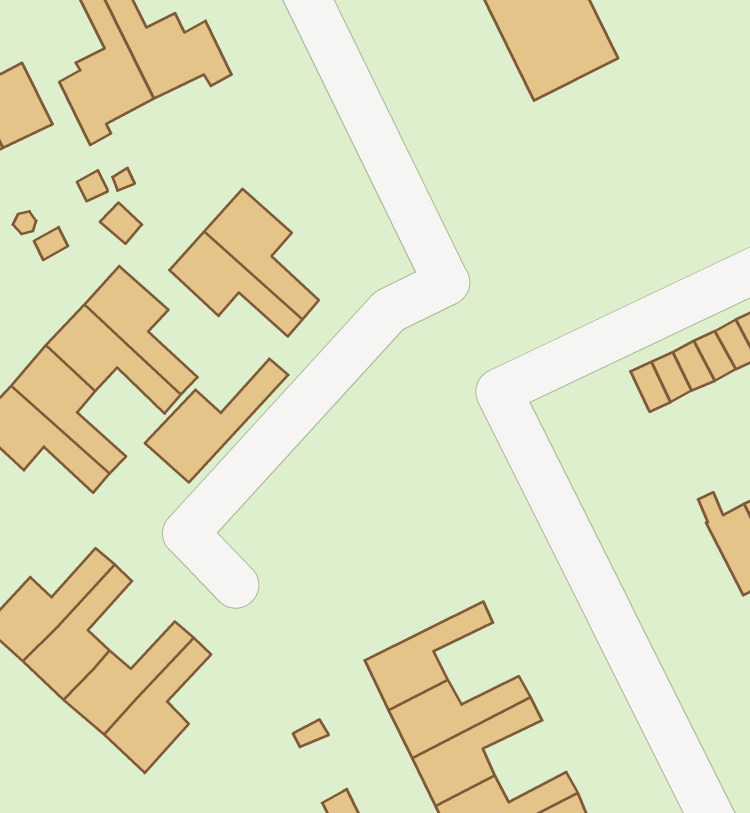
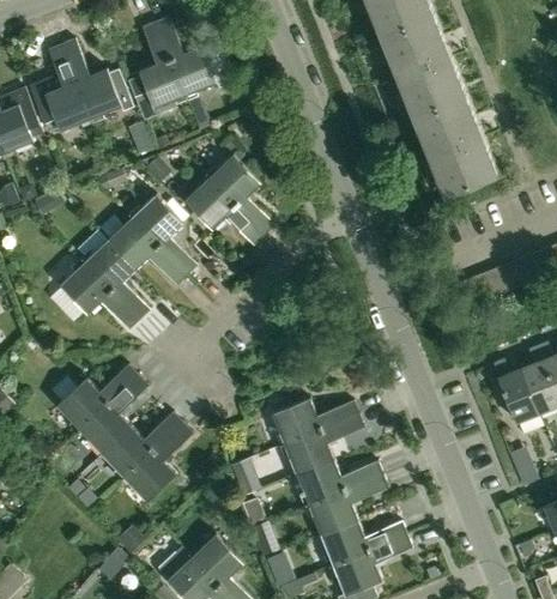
building: none -> [412,93,497,196]
building: [145,359,288,482] -> none
building: none -> [271,399,358,444]

